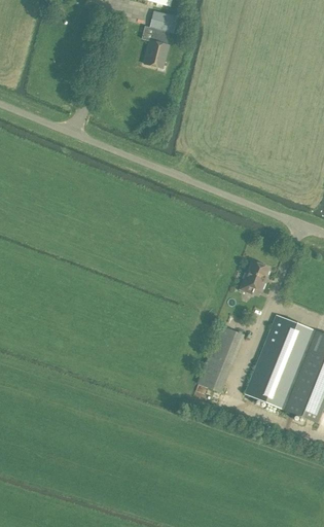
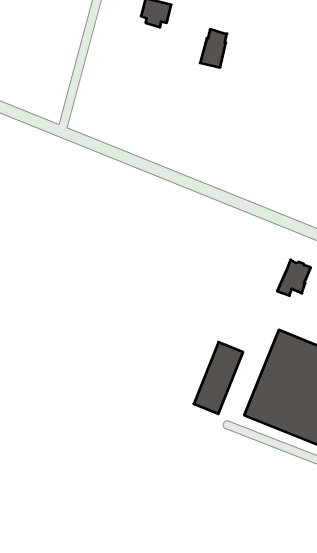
building: [143,32,168,67] -> [200,29,227,67]
building: [238,259,268,292] -> [277,260,311,296]

